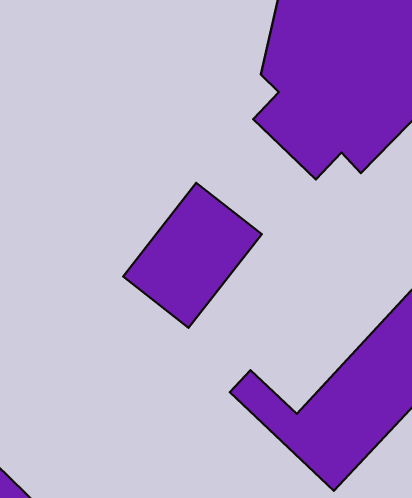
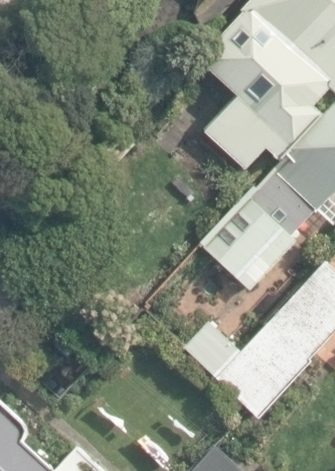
building: [123,183,262,328] -> [206,174,314,287]

